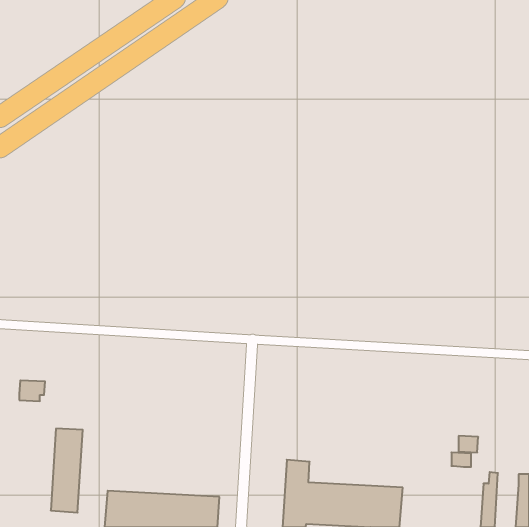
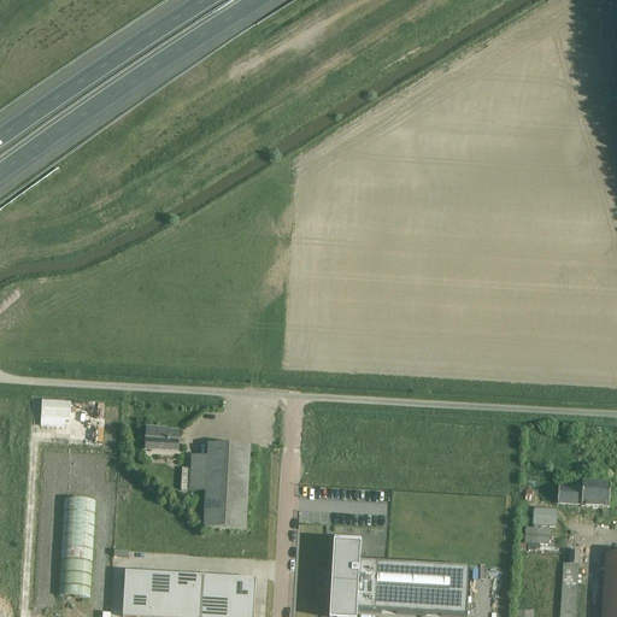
building: none -> [146,427,178,449]
building: none -> [182,442,249,529]
building: [19,380,45,401] -> [41,401,71,425]
building: none -> [557,481,610,507]

